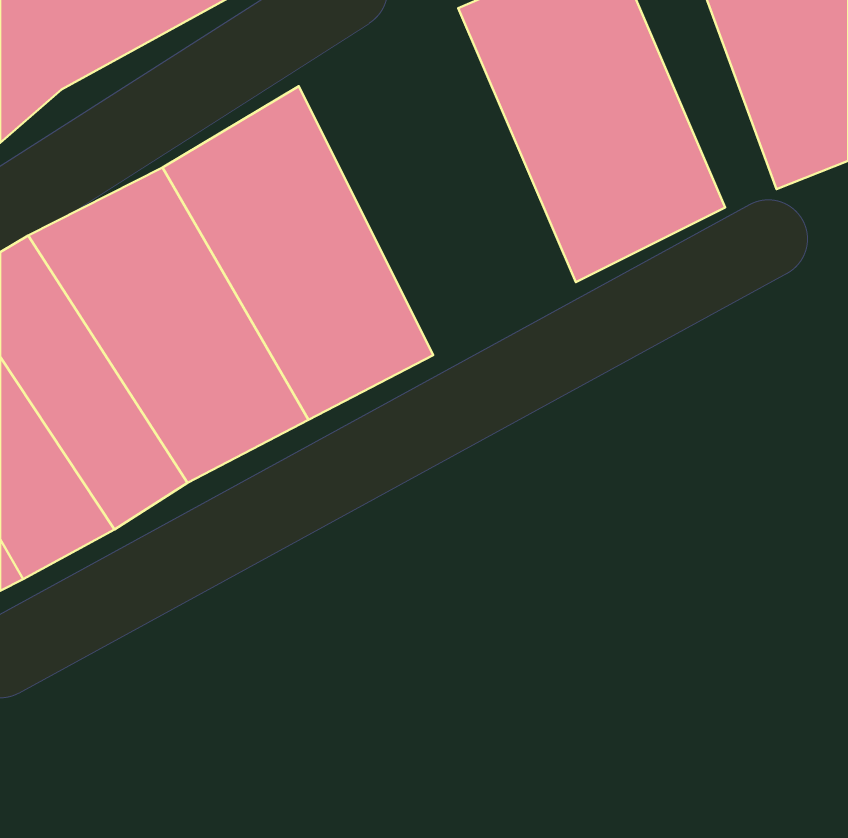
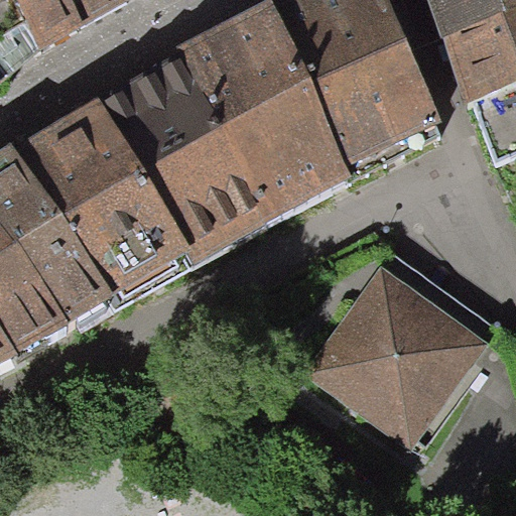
building: none -> [181,5,350,216]
building: none -> [308,269,486,445]

